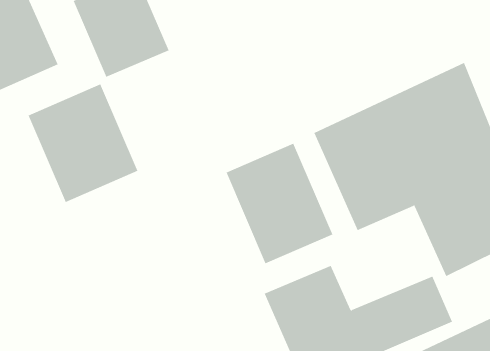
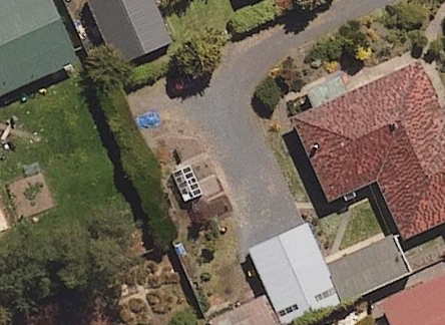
building: [28,84,138,203] -> none
building: [226,143,333,264] -> none

